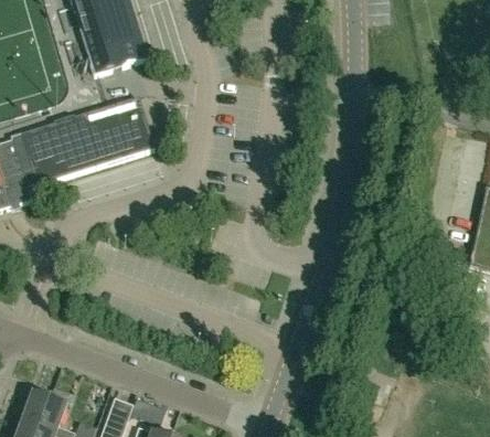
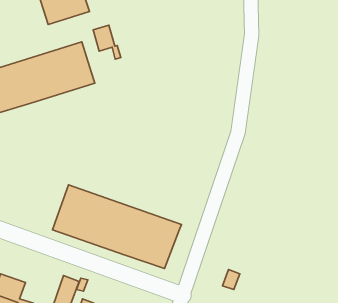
building: none -> [93,25,121,59]
building: none -> [53,185,181,269]

